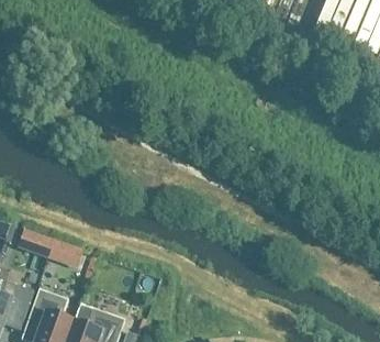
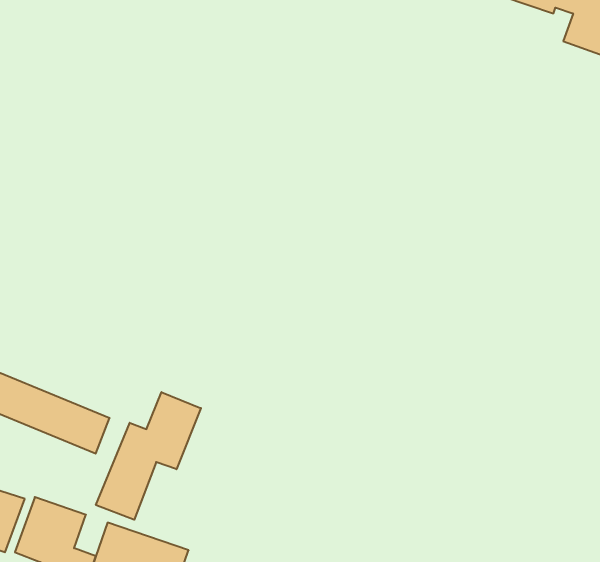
building: none -> [96,392,201,520]

